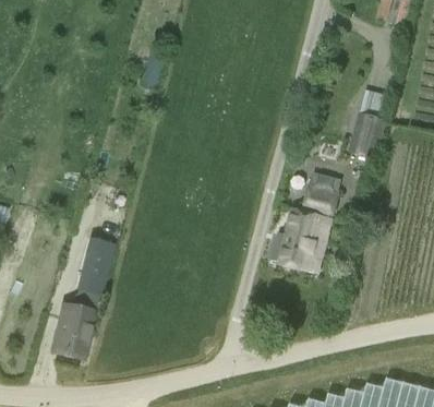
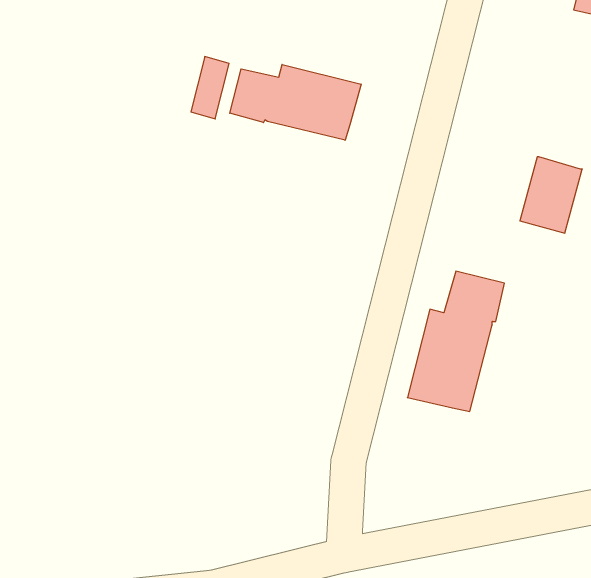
building: none -> [230,64,361,140]
building: [52,237,114,357] -> none

